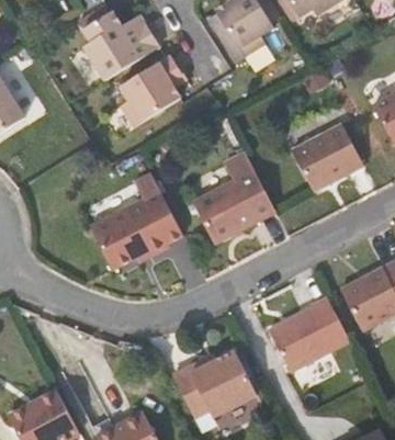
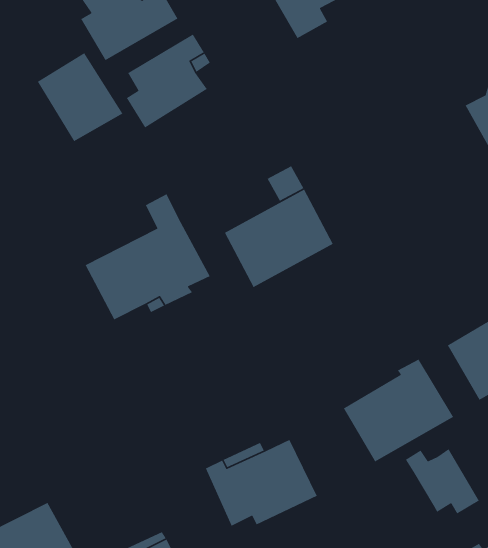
building: none -> [37,52,123,142]
building: [287,122,359,190] -> none
building: none -> [405,448,480,514]

